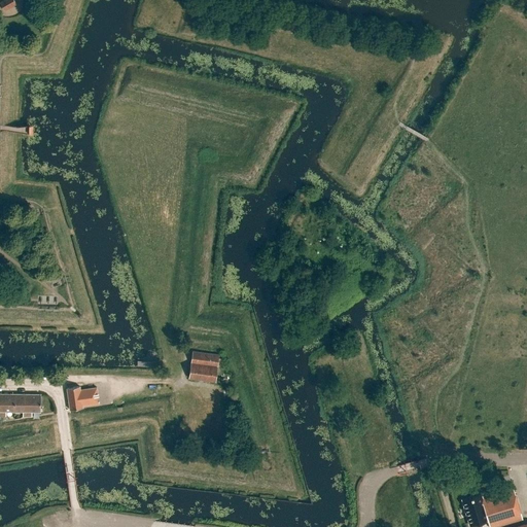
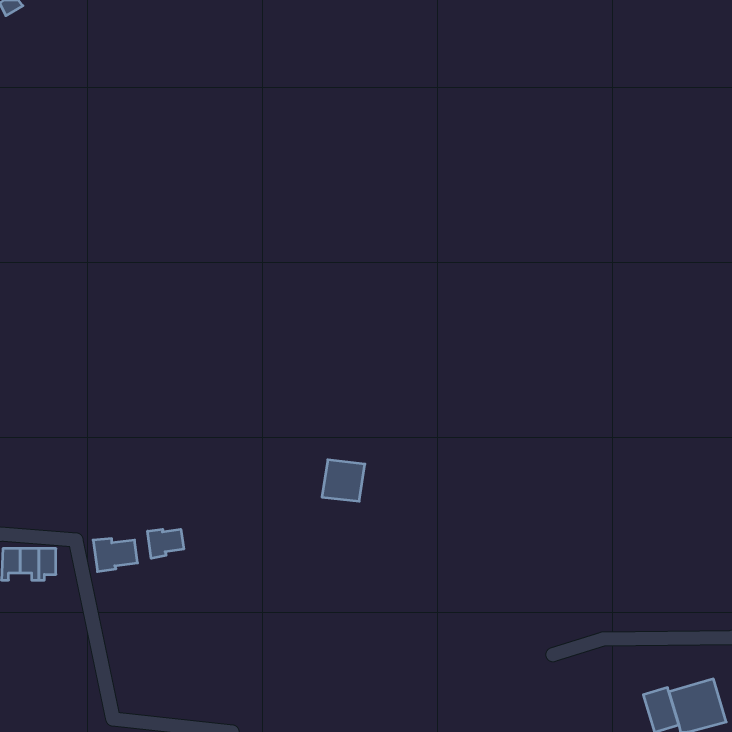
building: [188,352,219,382] -> [322,460,365,501]
building: none -> [148,529,184,558]

